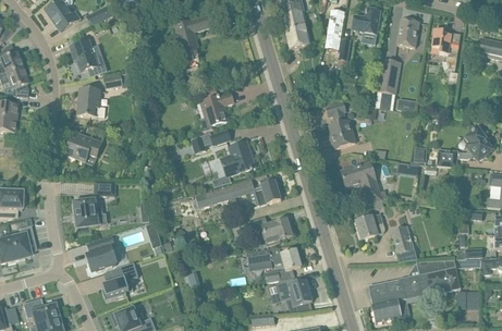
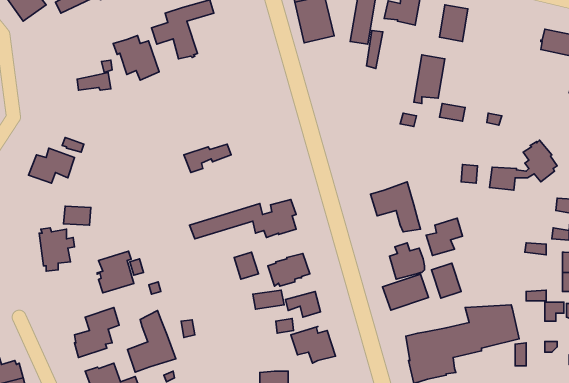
building: [431,28,458,69] -> none
building: [70,39,107,75] -> [113,35,159,80]
building: [78,88,105,115] -> none
building: [201,93,233,131] -> none
building: [326,101,355,148] -> none
building: [220,140,256,175] -> none
building: none -> [426,218,462,255]
building: none -> [383,274,429,310]
building: [87,236,117,270] -> [97,251,134,293]
building: none -> [127,310,176,372]

